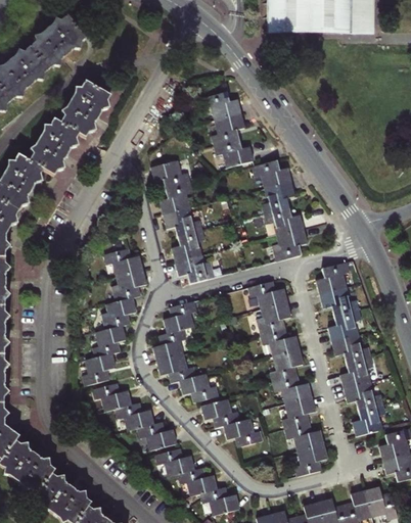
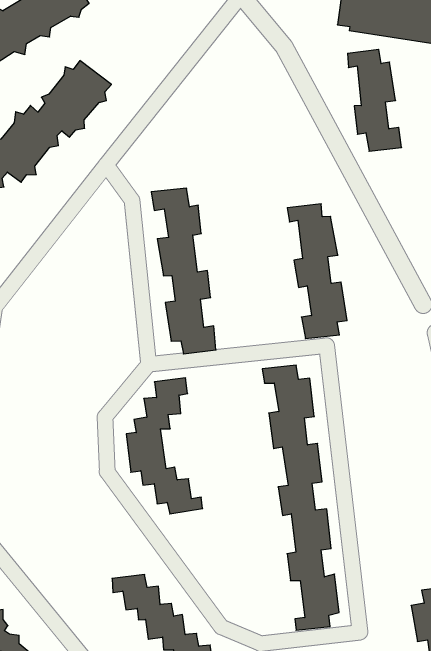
building: [201,91,250,167] -> [348,49,402,151]
building: [85,251,147,387] -> none
building: [315,262,386,434] -> none
building: [95,384,179,450] -> none
building: [204,401,265,447] -> none

